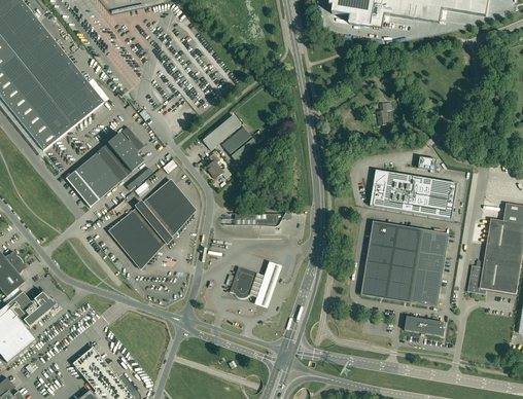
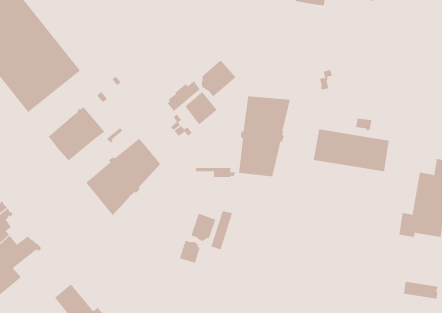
building: none -> [200,60,236,97]
building: none -> [239,95,291,177]
building: [106,133,143,172] -> none
building: [360,220,449,306] -> none
building: none -> [179,240,201,264]
building: [404,315,444,335] -> [403,281,438,299]

